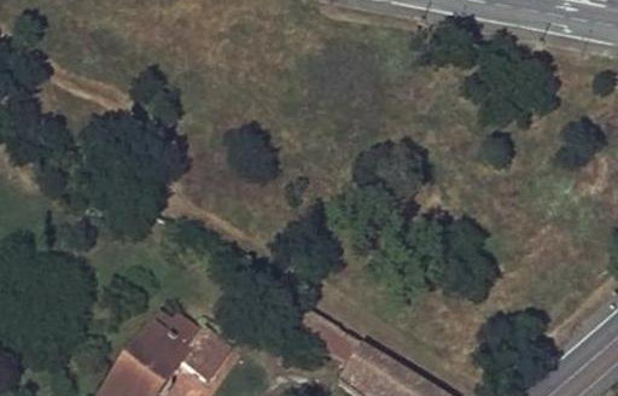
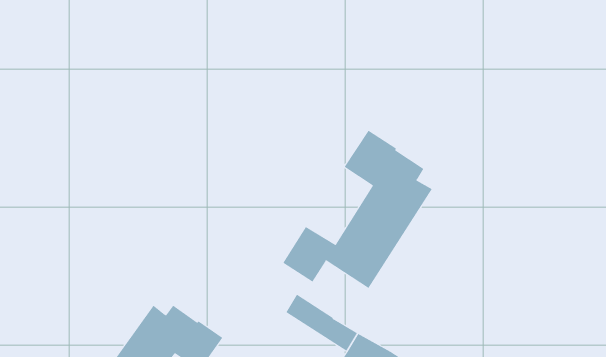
building: none -> [283,130,432,289]

